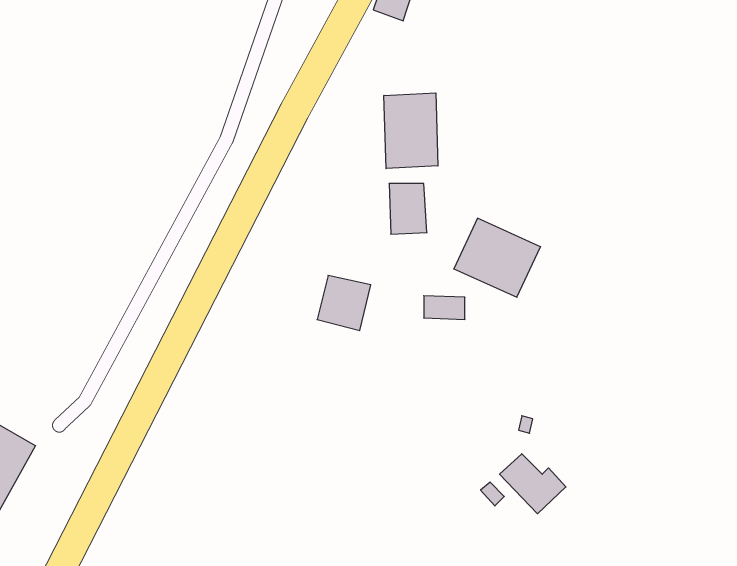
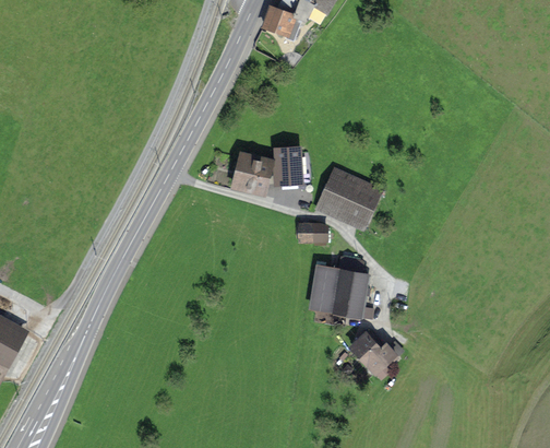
building: [384,93,438,169] -> none
building: [317,275,371,331] -> [232,154,270,192]
building: none -> [311,267,367,316]

